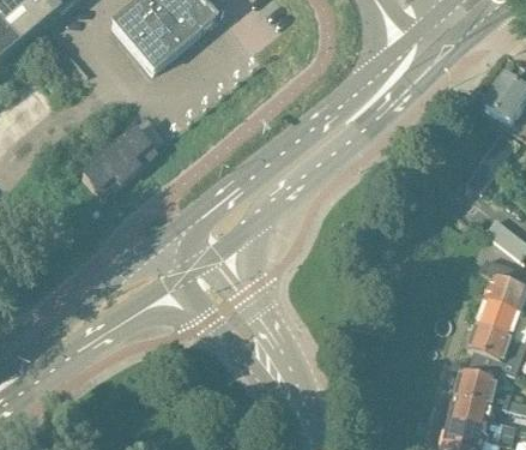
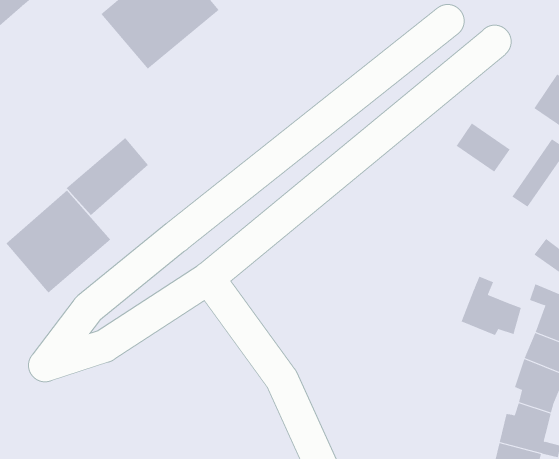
building: none -> [456,123,510,173]
building: none -> [6,189,111,293]
building: none -> [461,276,521,336]

